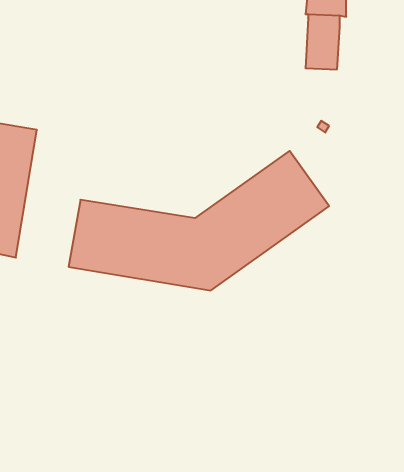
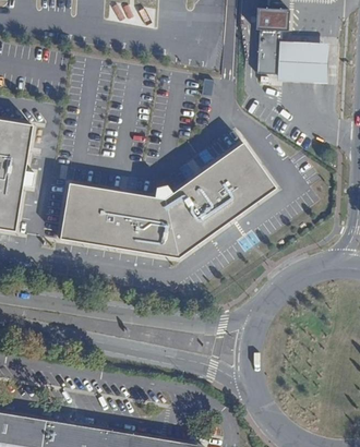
building: none -> [281,39,331,82]

